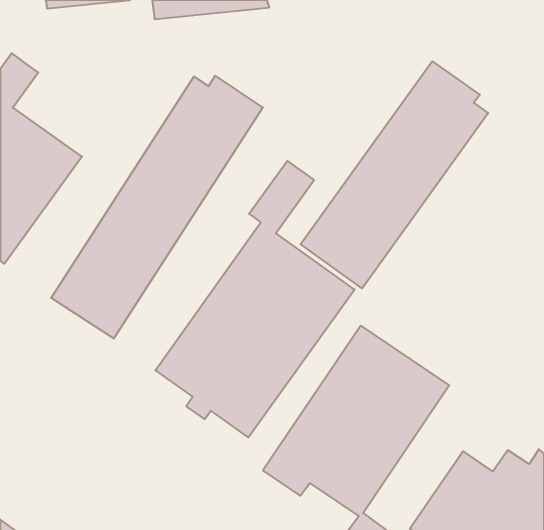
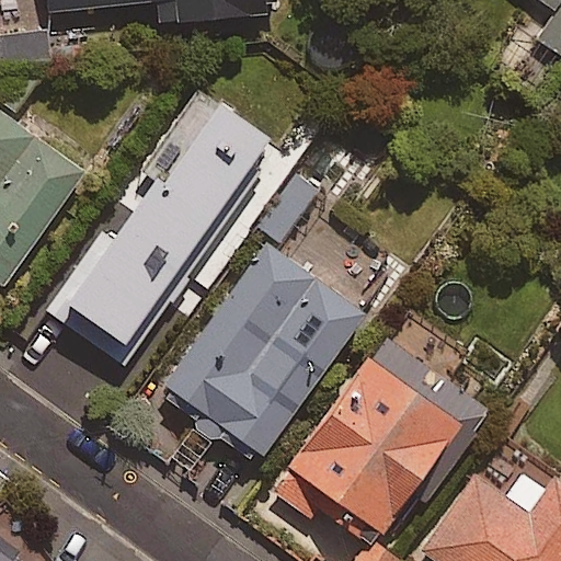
building: [301,61,488,288] -> none

